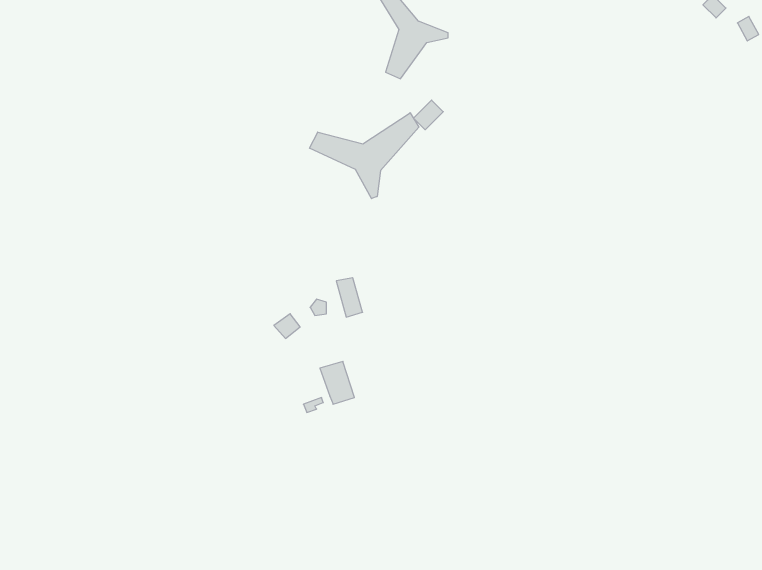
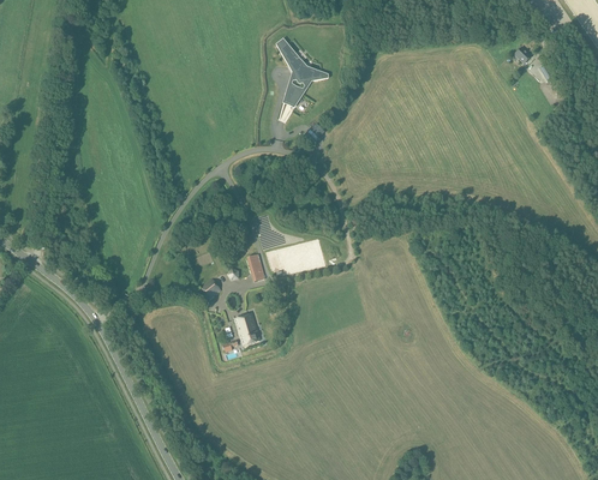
building: [310,113,419,199] -> none

